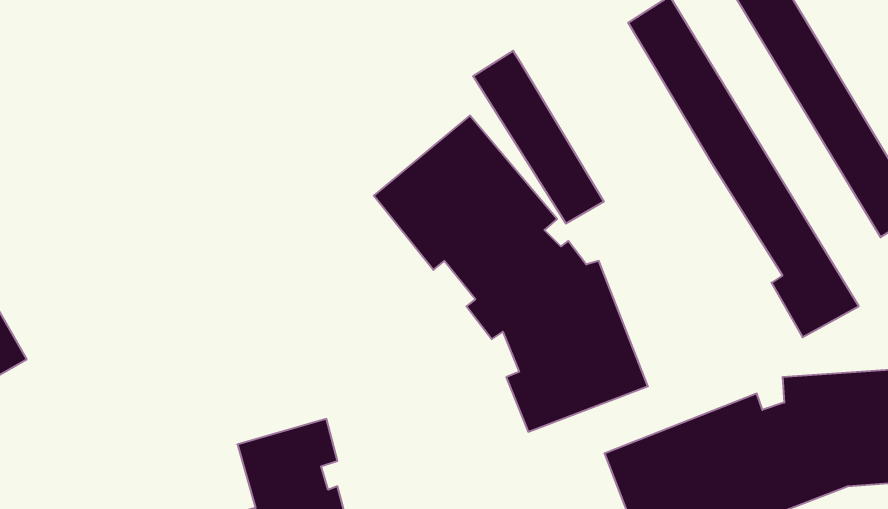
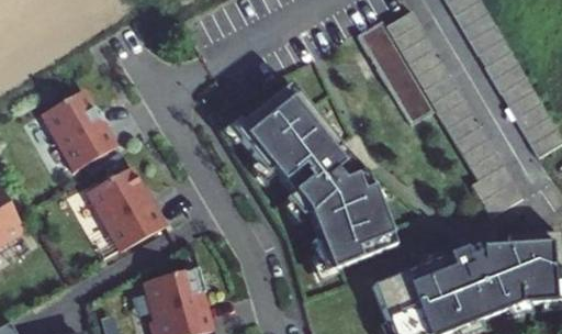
building: [473,51,604,223] -> [357,19,436,123]
building: none -> [41,91,119,171]
building: none -> [88,167,168,252]

